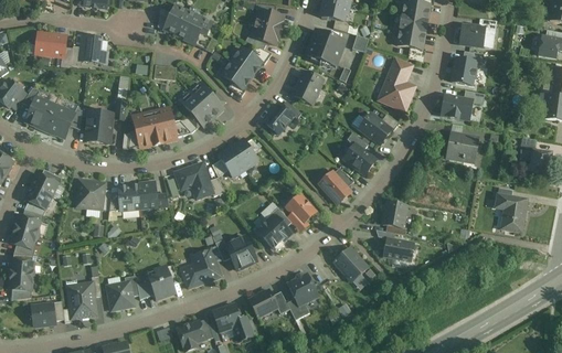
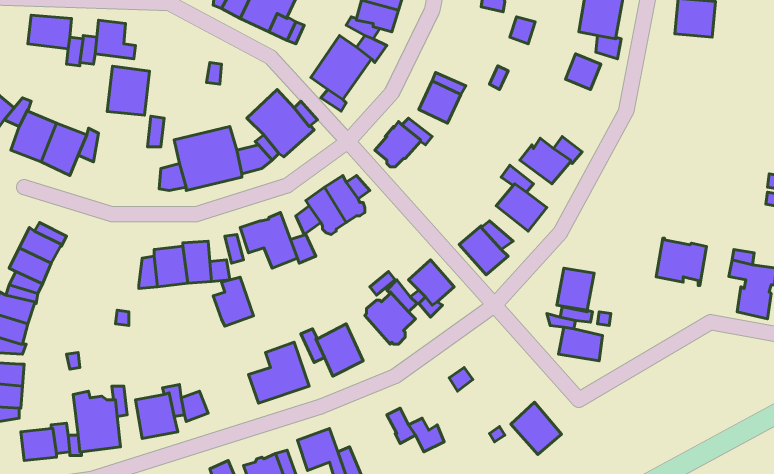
building: [307,30,344,66] -> none
building: [450,57,478,86] -> none
building: [379,75,415,110] -> none
building: [441,94,474,121] -> none
building: [85,110,113,142] -> [107,66,149,115]
building: [446,131,479,162] -> [656,238,707,285]
building: [76,180,106,208] -> none
building: [335,246,368,280] -> [511,402,561,455]
building: [149,266,176,298] -> [213,277,254,326]
building: [288,272,317,304] -> none
building: [250,289,278,317] -> none

